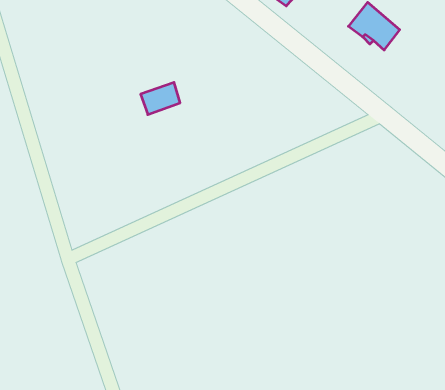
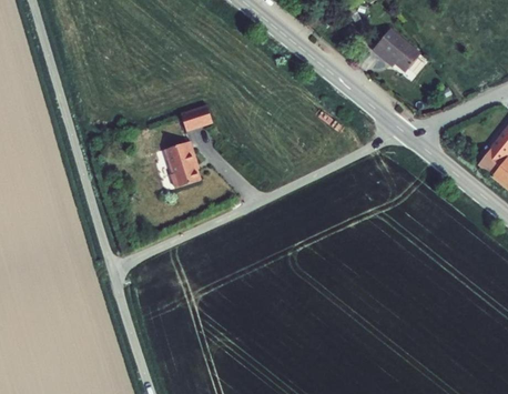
building: none -> [164,142,200,190]

